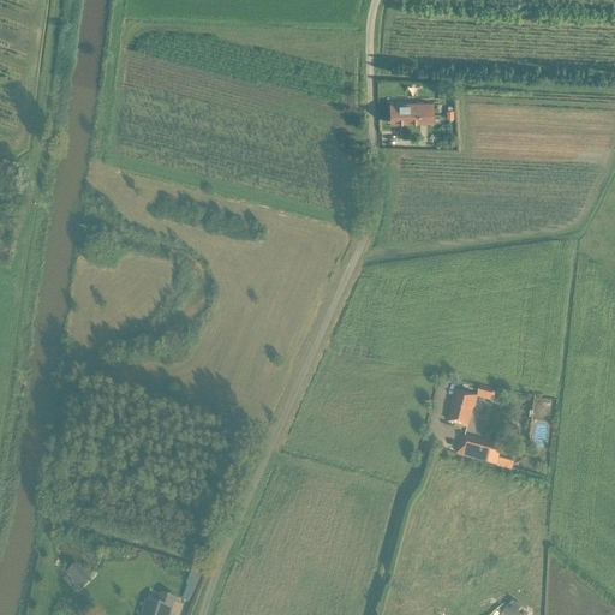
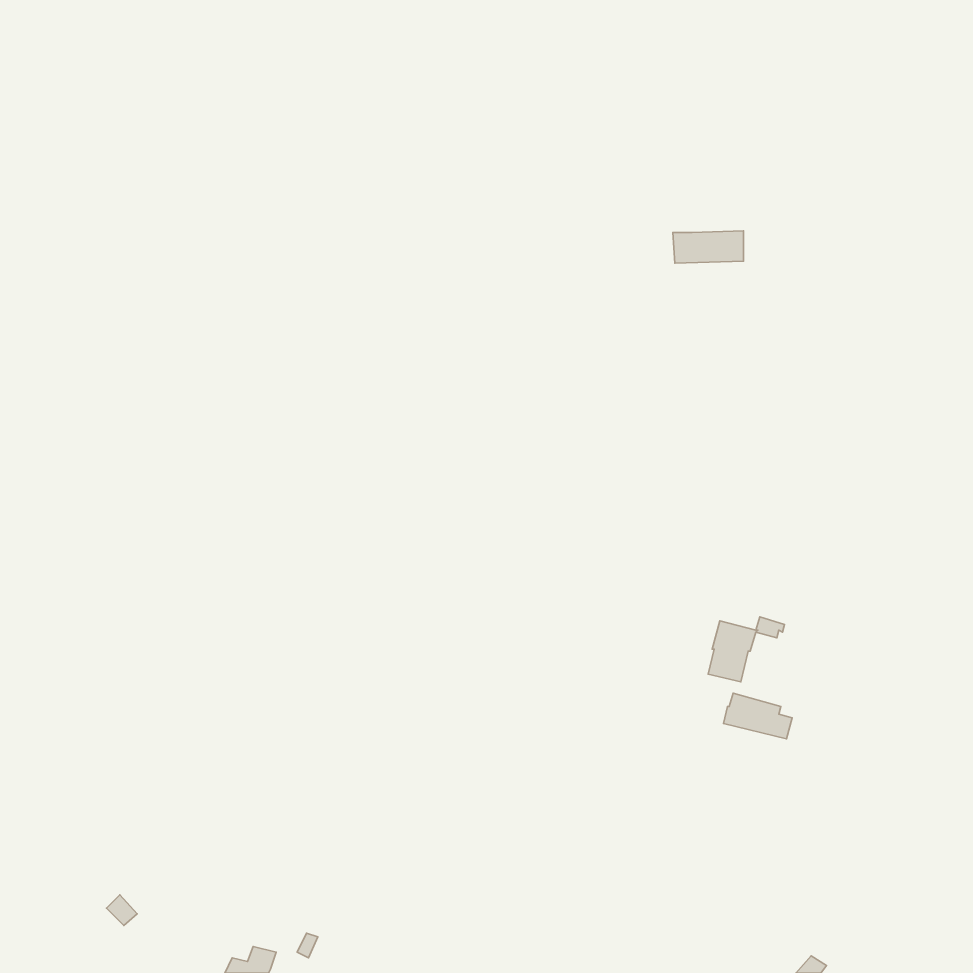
building: [389,101,434,121] -> [673,231,743,263]

